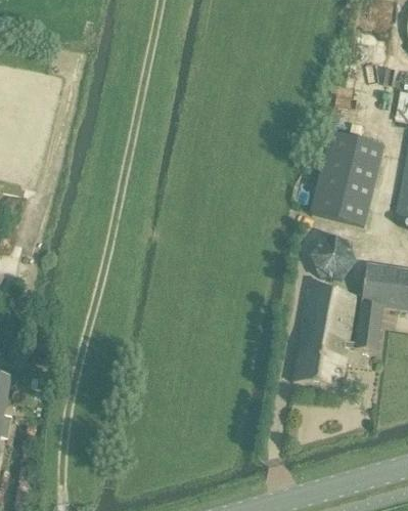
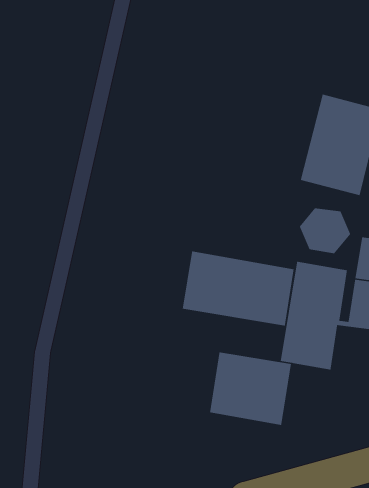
building: none -> [182,251,295,326]
building: none -> [209,351,292,426]

